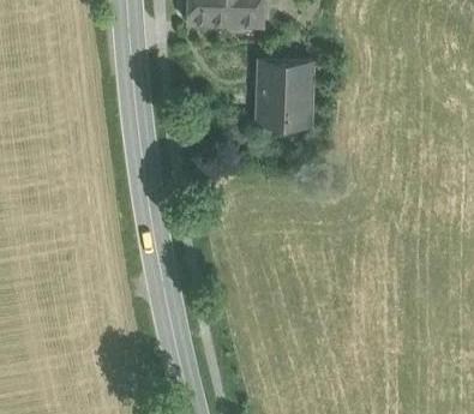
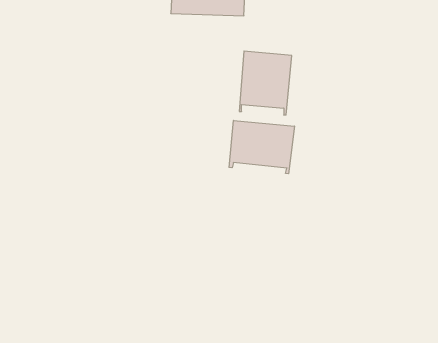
building: none -> [229,120,294,174]

